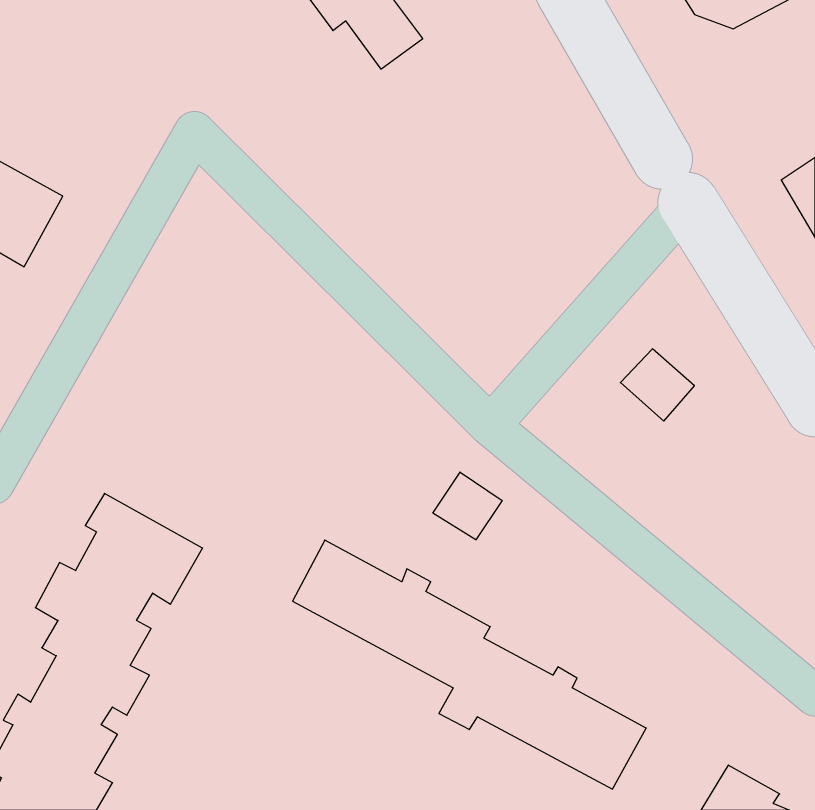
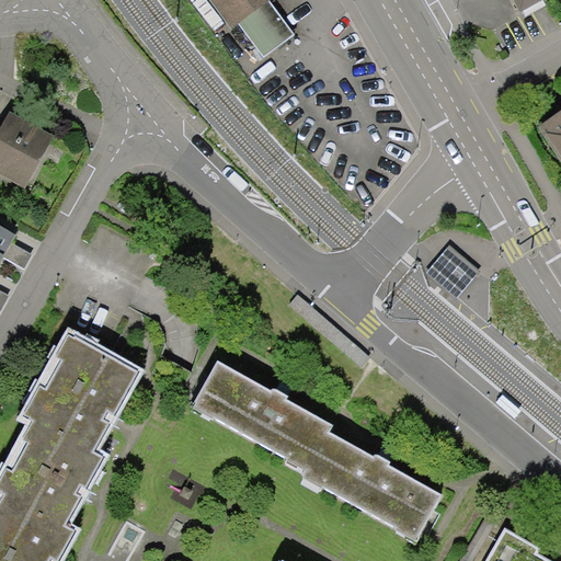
building: [433,472,502,540] -> none

